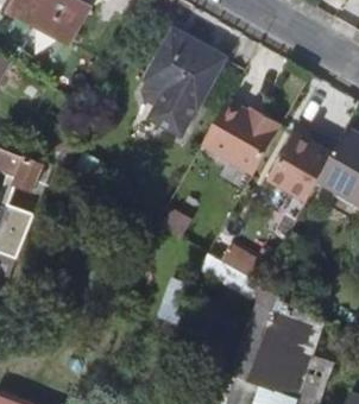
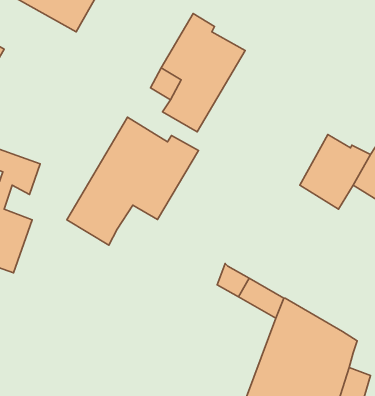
building: [200,100,281,176] -> none
building: none -> [67,117,199,245]

